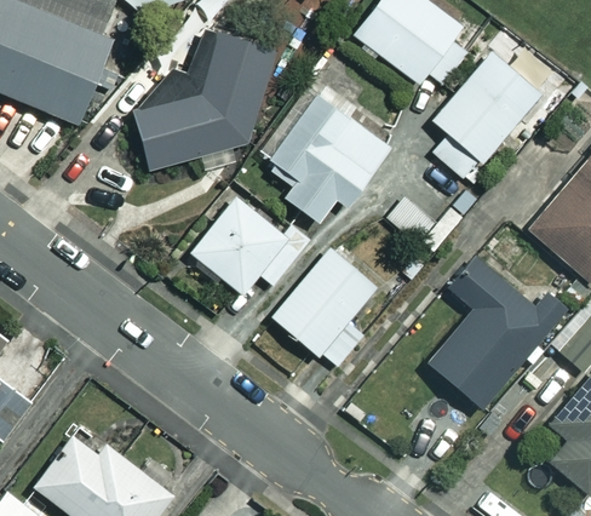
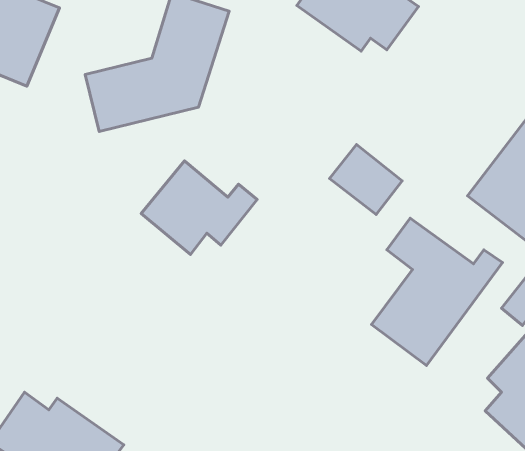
building: [432,53,538,179] -> none
building: [264,76,391,222] -> none
building: [271,247,378,366] -> none

